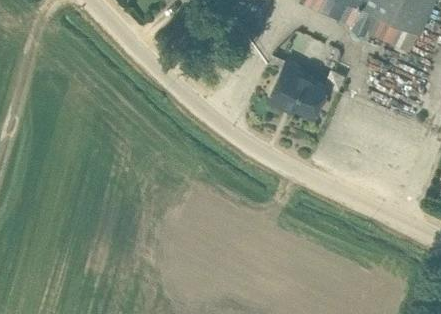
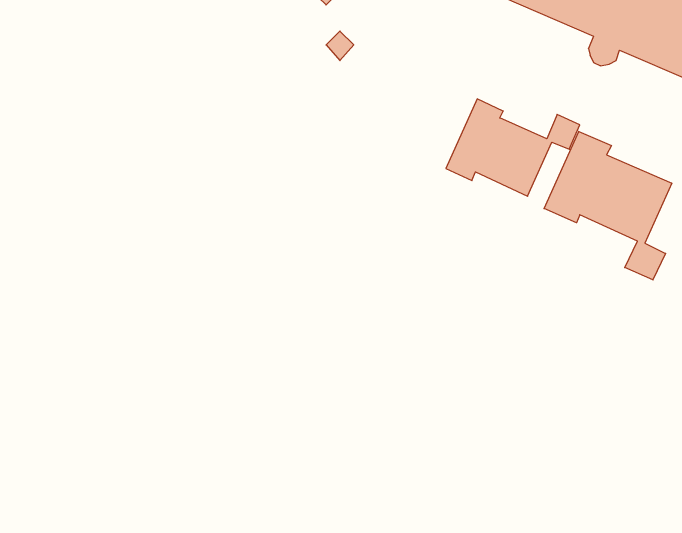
building: none -> [544,131,672,280]

